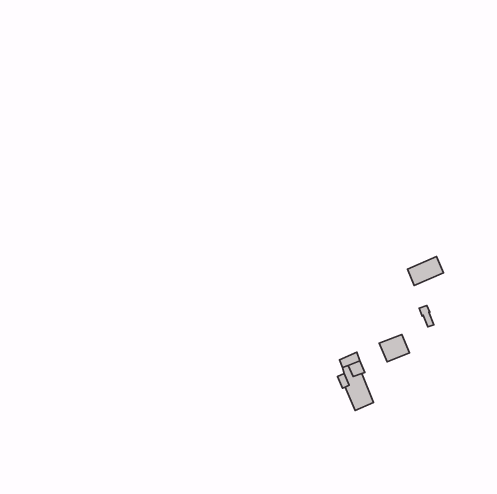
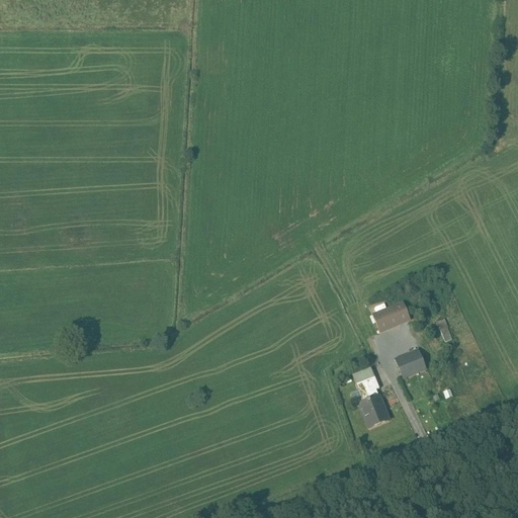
building: [407,256,443,286] -> [372,300,410,331]

